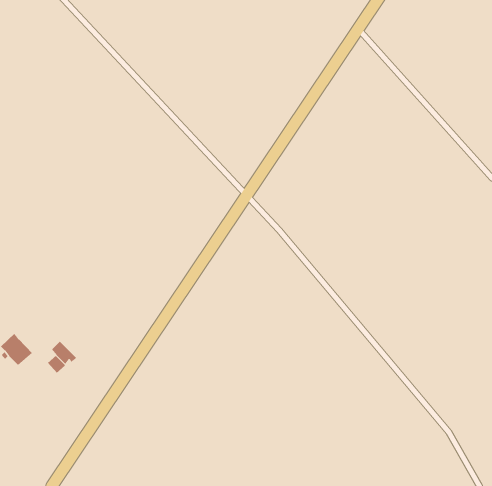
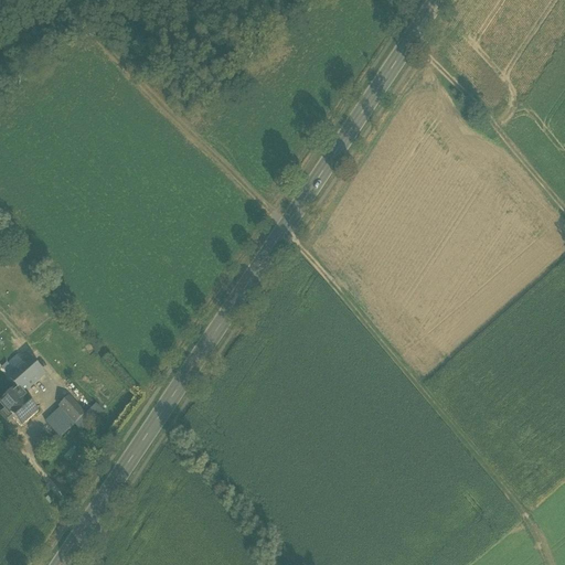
building: none -> [9,359,39,388]

